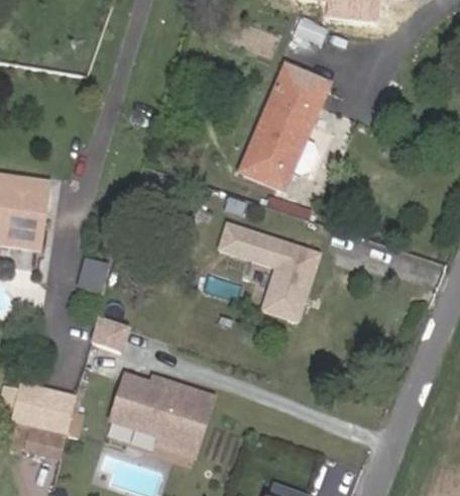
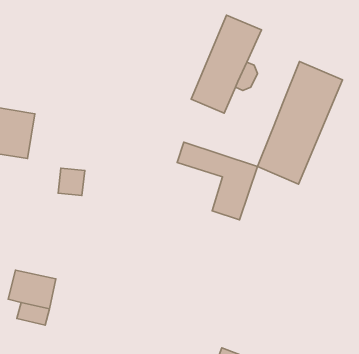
building: none -> [257,61,343,184]
building: [89,316,125,350] -> none
building: [109,378,211,457] -> none

